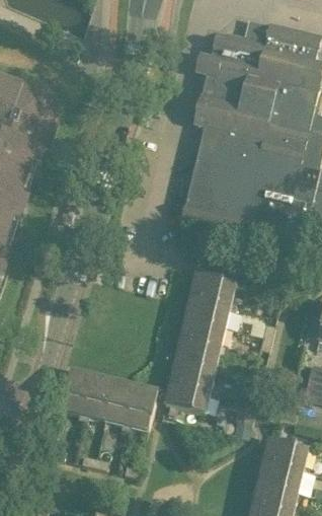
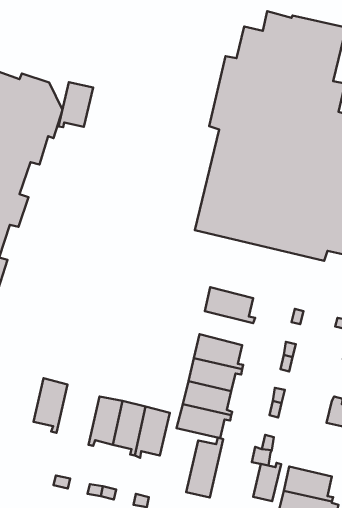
building: none -> [58,82,93,127]
building: [185,295,235,326] -> none
building: [62,368,93,419] -> [33,378,67,433]
building: none -> [186,438,223,497]
building: none -> [253,463,281,501]

